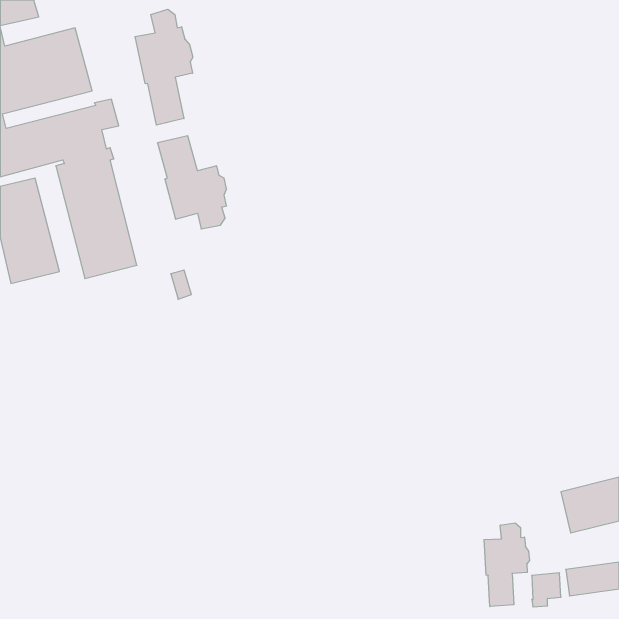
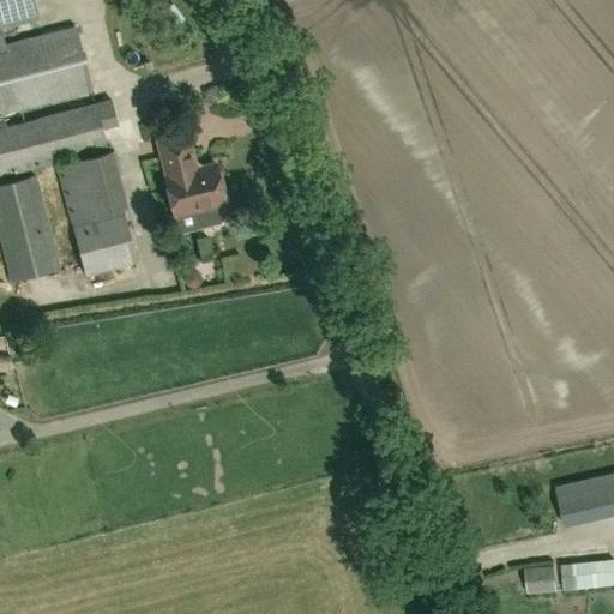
building: [135,9,193,125] -> none
building: [484,523,530,607] -> none

